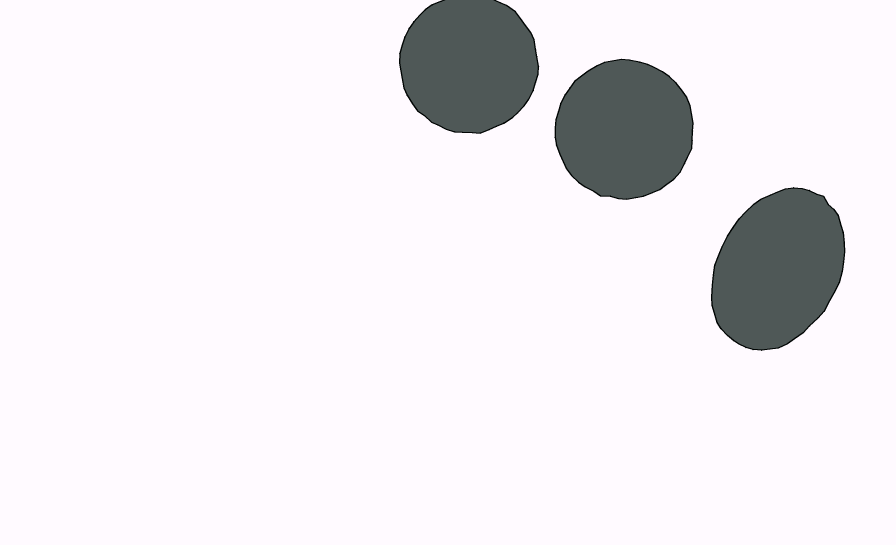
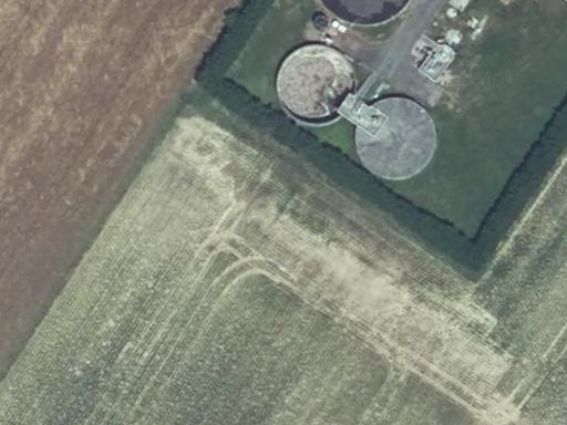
building: [712,188,845,350] -> none

